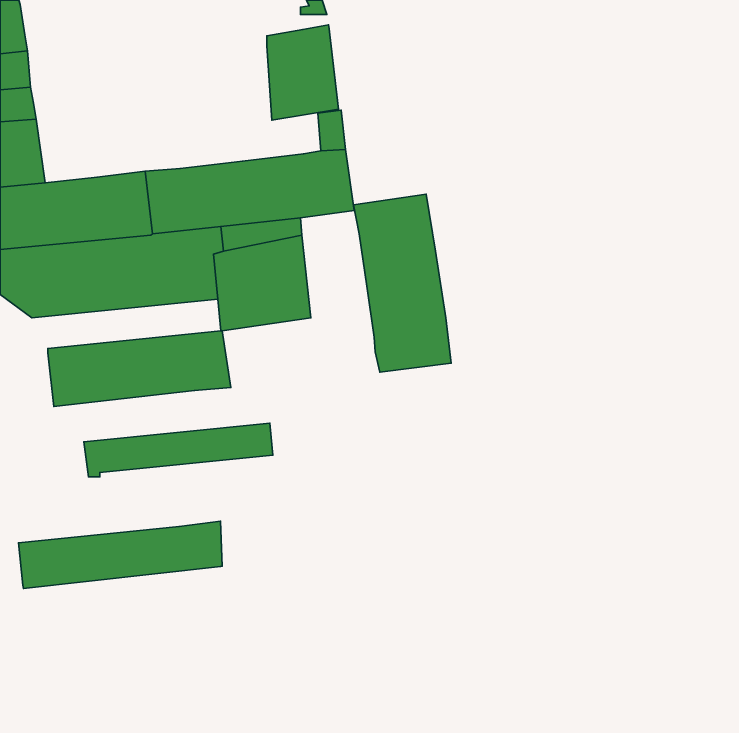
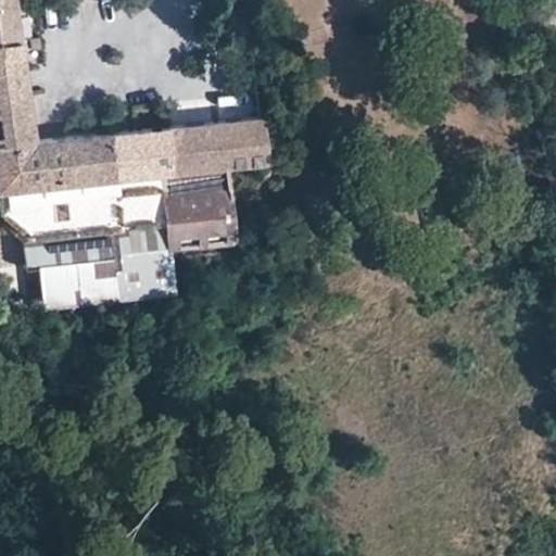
building: [267,25,338,120] -> none
building: [353,194,451,372] -> none
building: [84,423,273,477] -> [26,230,167,270]
building: [18,521,222,588] -> none

